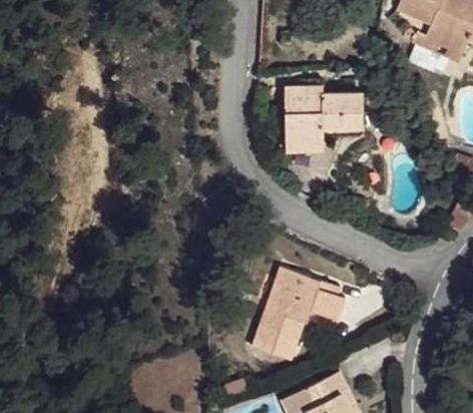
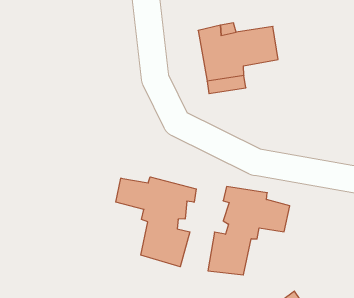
building: none -> [116,177,196,267]

